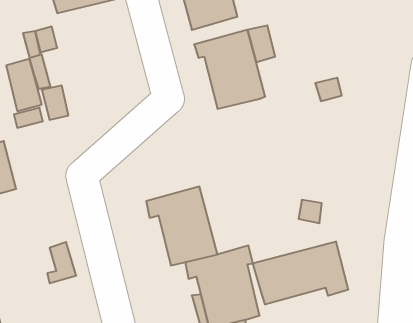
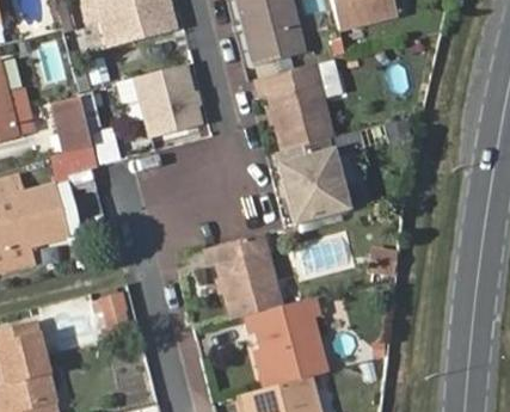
building: none -> [135,67,201,137]
building: none -> [276,140,348,226]
building: [253,241,348,305] -> none

